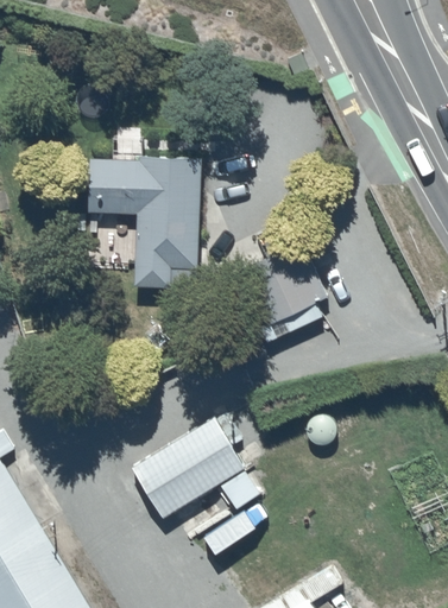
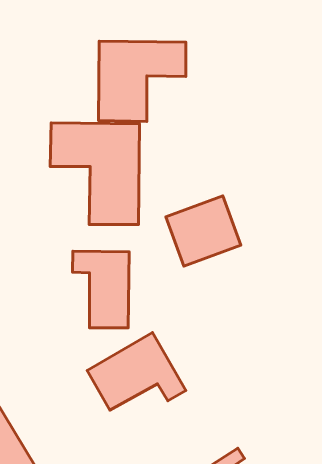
building: none -> [98,41,186,121]
building: none -> [73,251,129,328]

